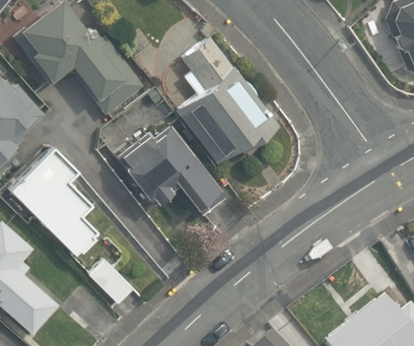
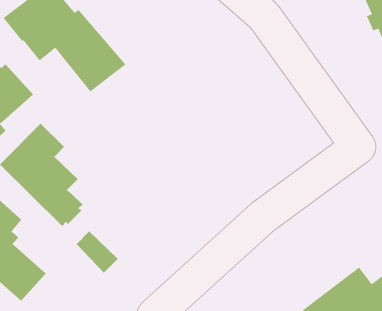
building: [182,37,276,160] -> none
building: [114,124,225,214] -> none

